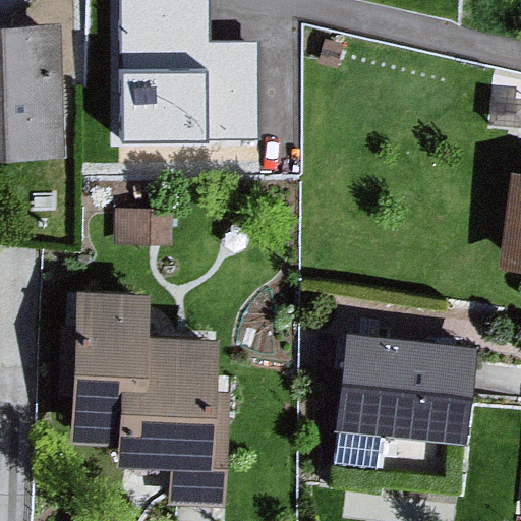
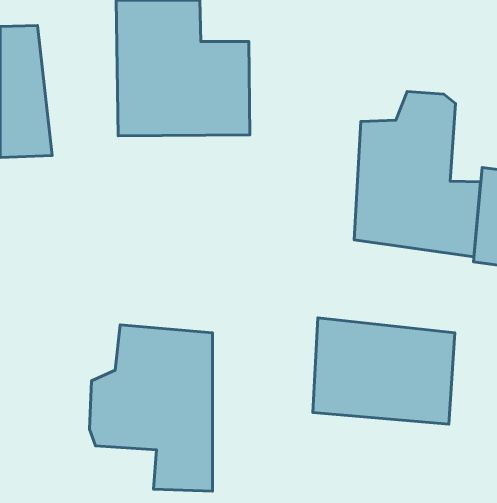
building: none -> [354,91,480,257]
building: [60,289,134,444] -> none

